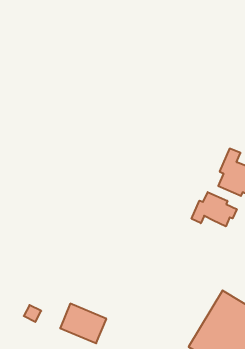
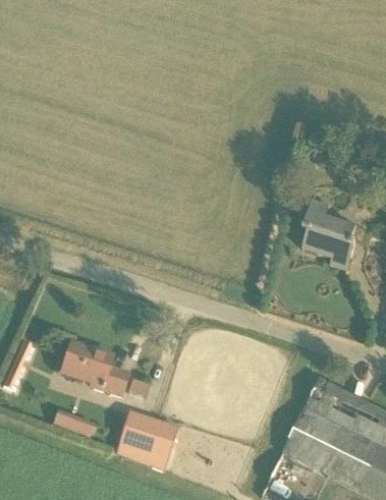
building: [192,192,237,226] -> none
building: none -> [62,342,128,395]

